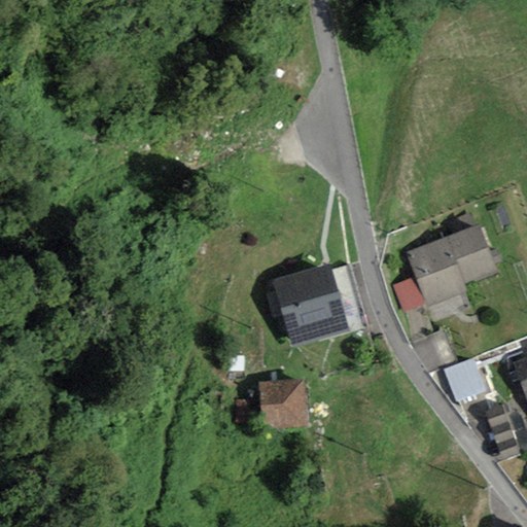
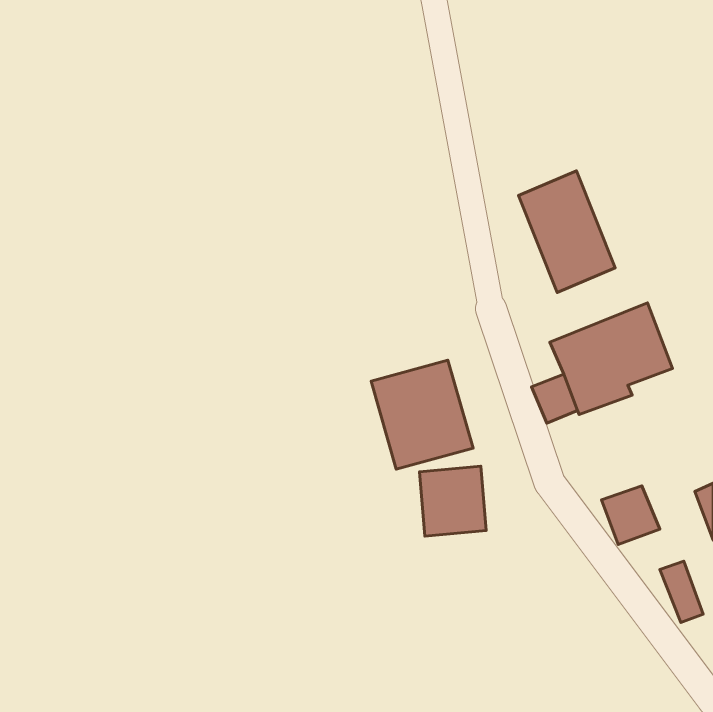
building: none -> [518,171,615,292]
building: [258,378,308,429] -> [419,466,486,536]

